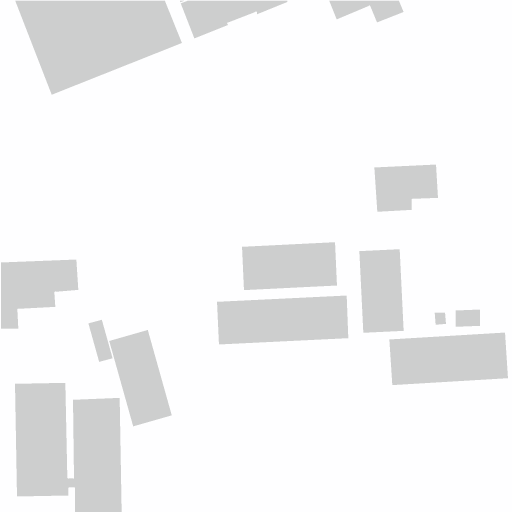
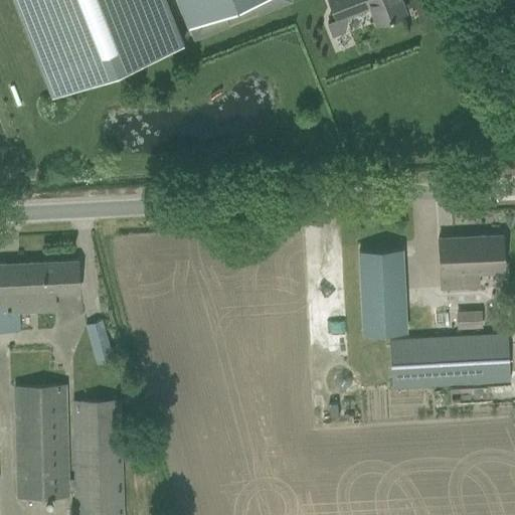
building: [373,164,439,212] -> [440,236,505,285]
building: [242,242,337,291] -> none
building: [216,295,349,345] -> none
building: [108,329,173,427] -> none

